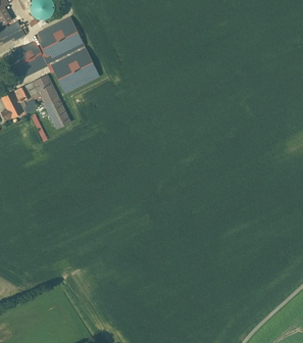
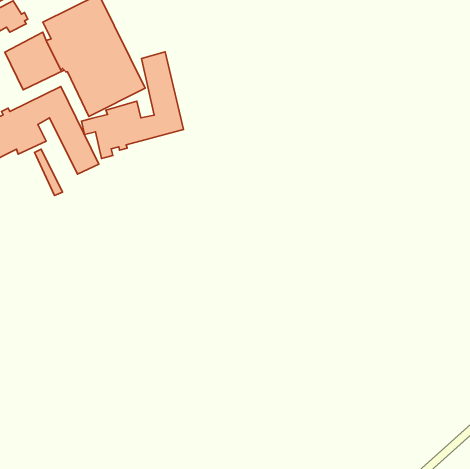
building: none -> [81,52,184,158]

